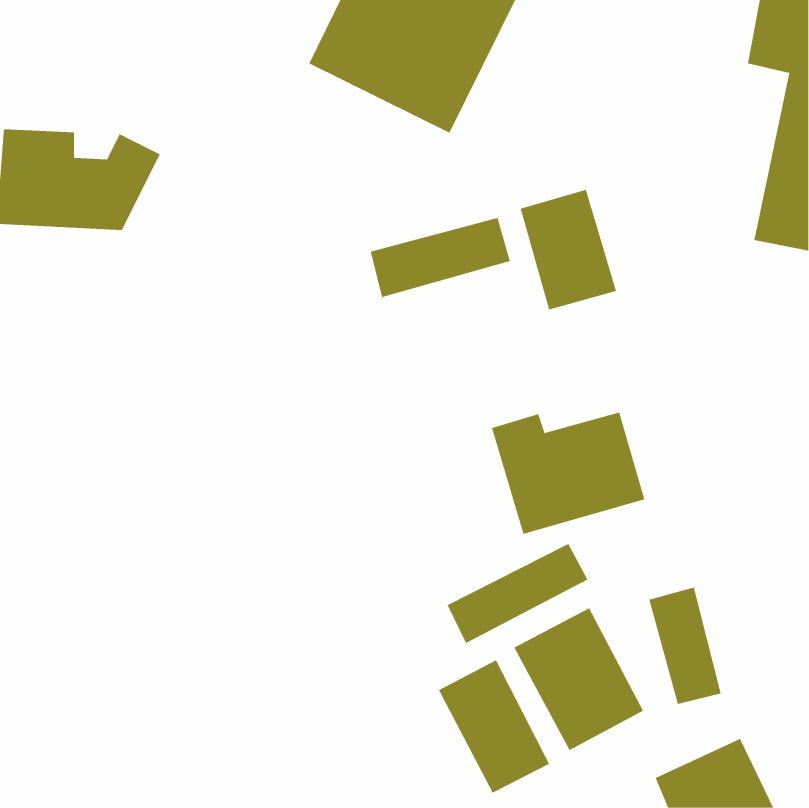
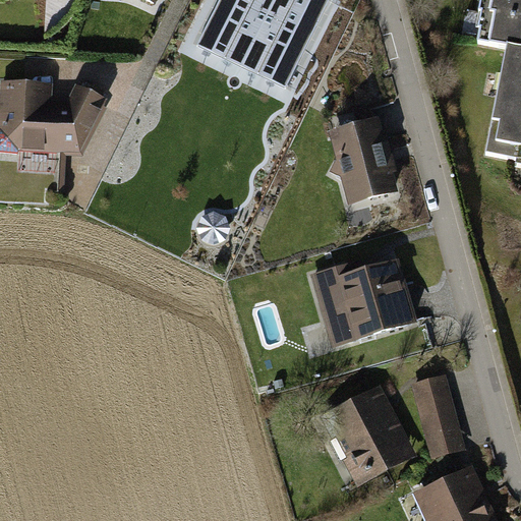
building: [370,217,510,298] -> none
building: [447,543,588,644] -> none
building: [438,659,550,793] -> none

